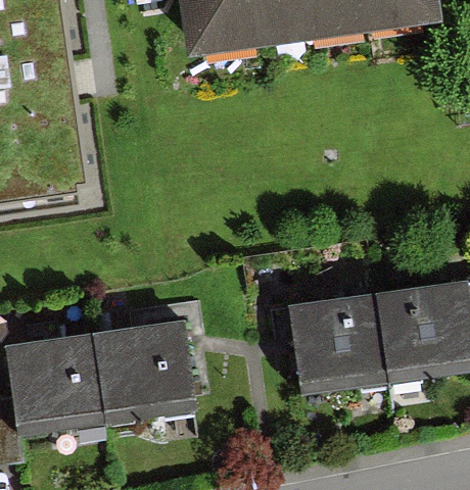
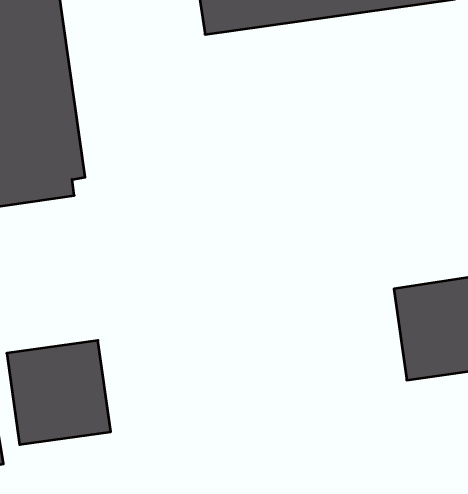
building: [289,291,388,390] -> none
building: [94,328,193,427] -> none

